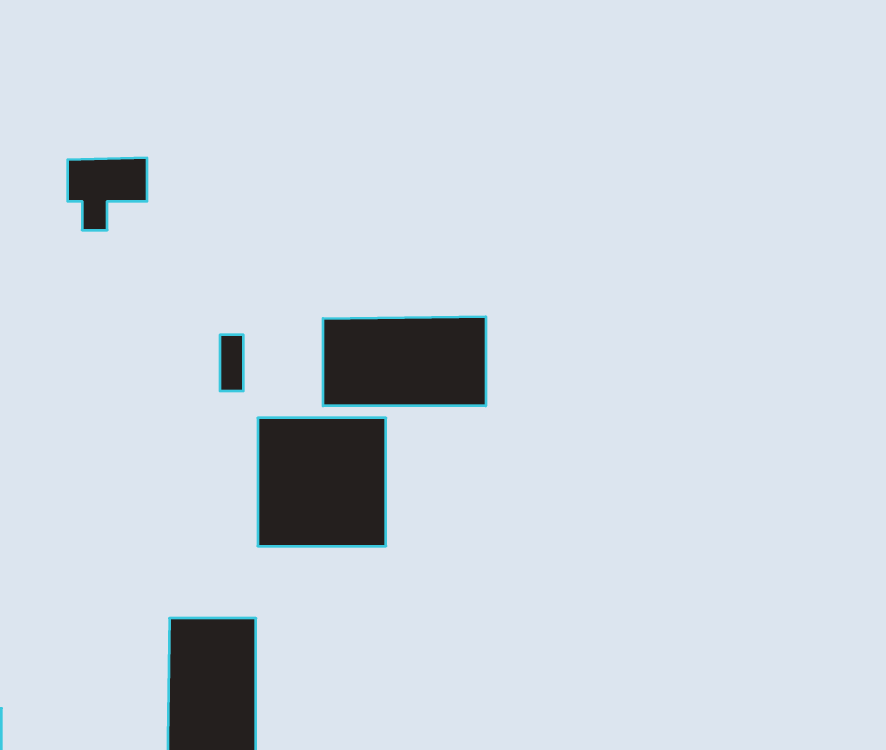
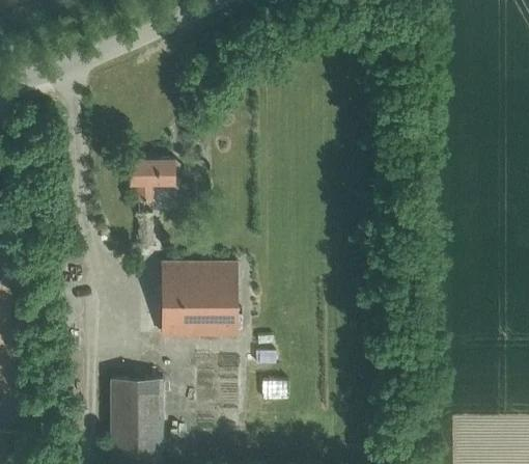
building: [68,158,147,230] -> [130,159,175,200]
building: [323,317,486,406] -> none

